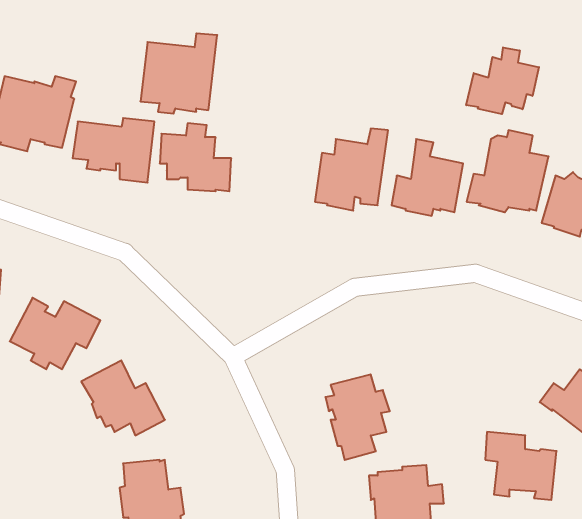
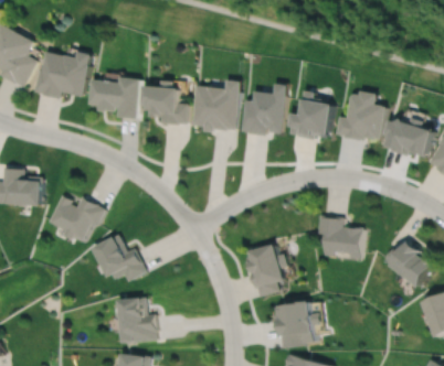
building: [140,33,217,114] -> [191,83,240,133]
building: [466,47,539,114] -> none
building: [485,432,557,500] -> [317,214,362,257]

